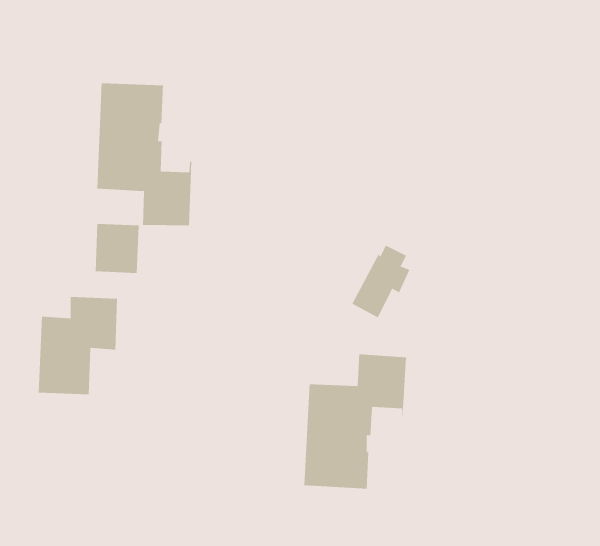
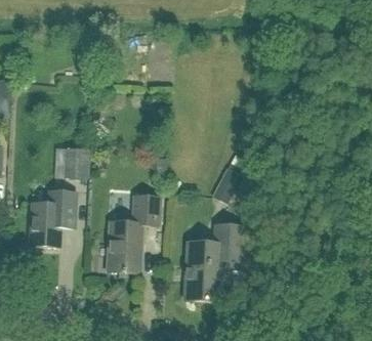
building: [97,82,192,226] -> none
building: none -> [108,196,161,271]

